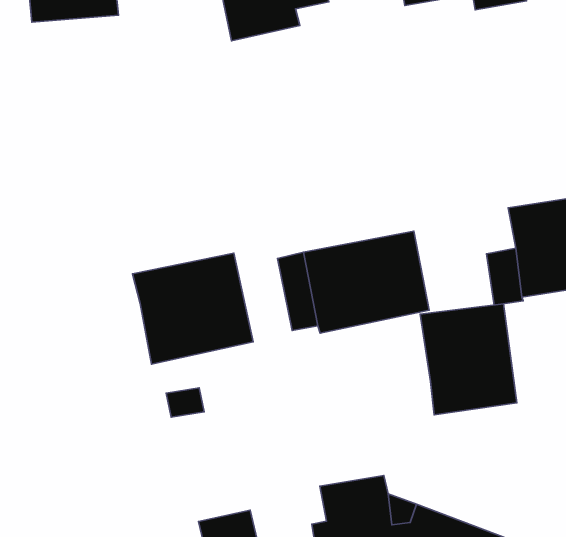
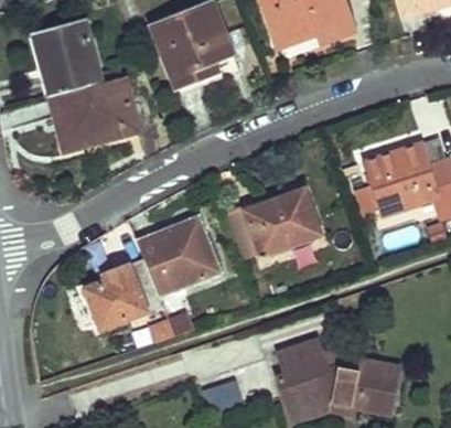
building: none -> [50,77,137,150]
building: none -> [88,259,164,331]
building: [420,304,517,415] -> none

